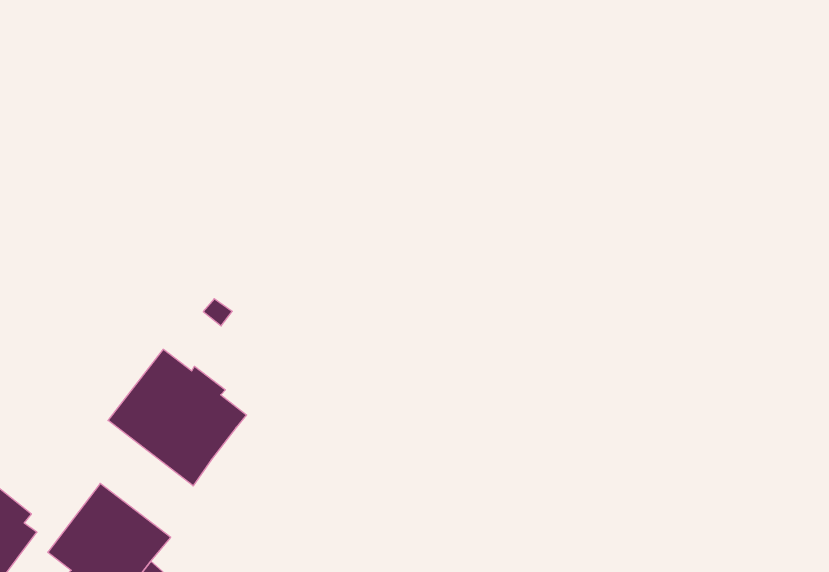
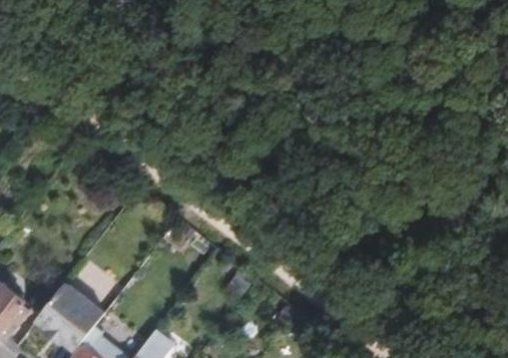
building: [108,349,247,486] -> none

